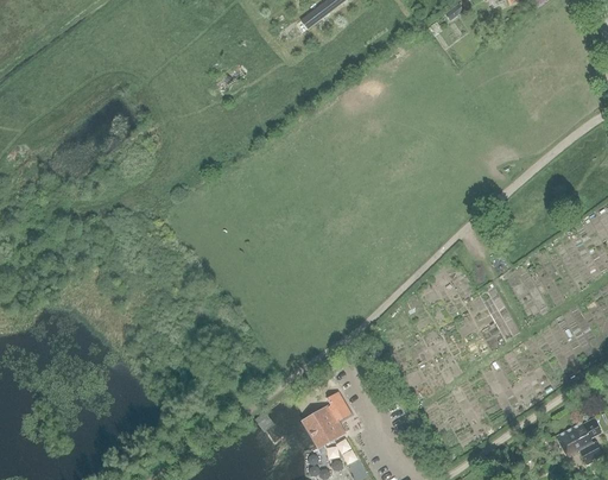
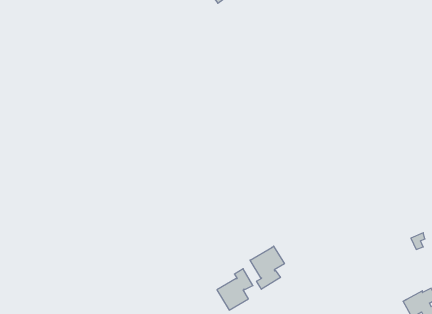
building: none -> [250,246,284,289]

